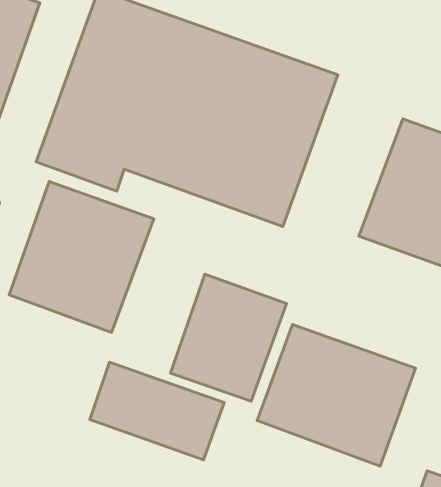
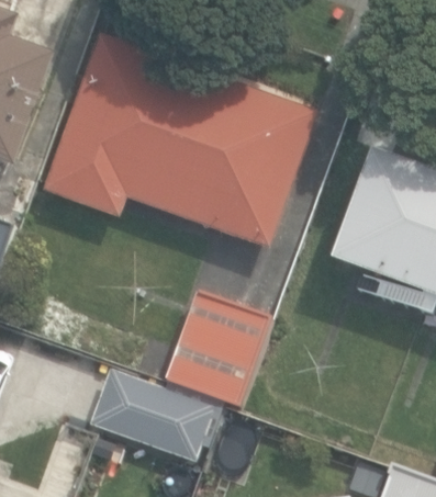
building: [9,181,154,332] -> none
building: [257,325,415,466] -> none

